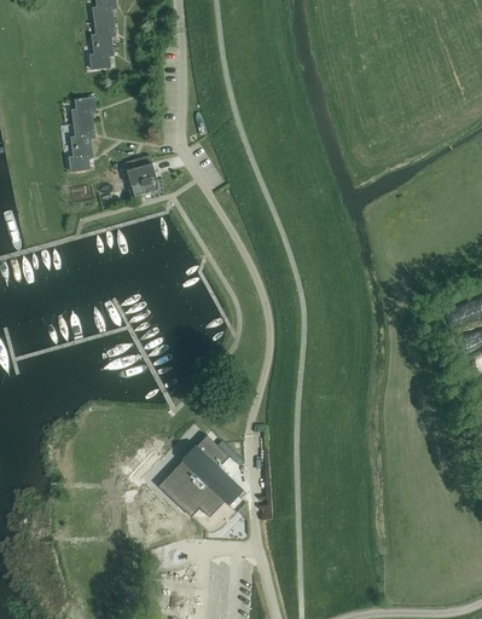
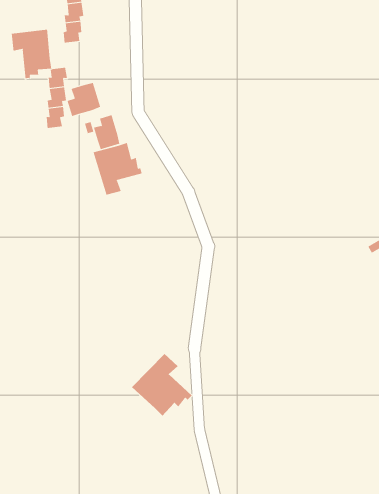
building: none -> [11,29,52,79]
building: none -> [67,82,101,117]
building: none -> [93,142,143,196]

